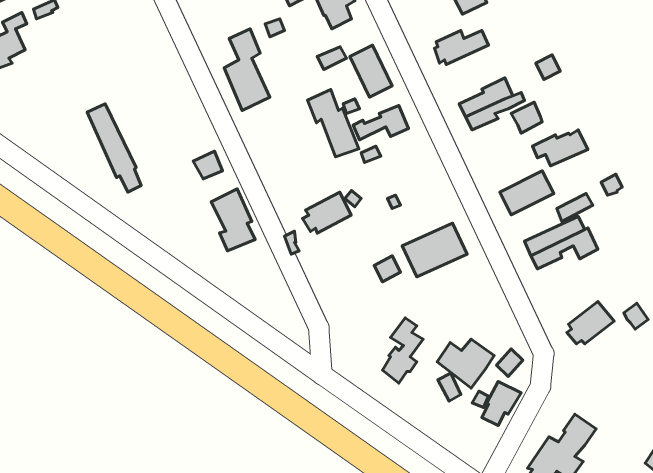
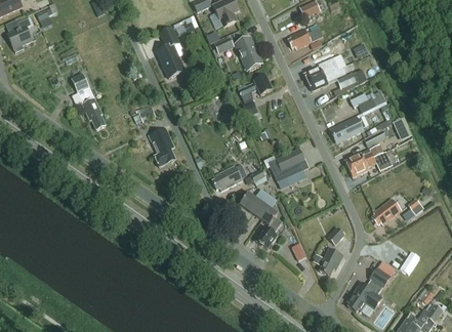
building: [308,90,359,157] -> none
building: [302,192,351,233] -> [212,165,243,191]
building: [437,339,494,388] -> [240,190,276,220]

